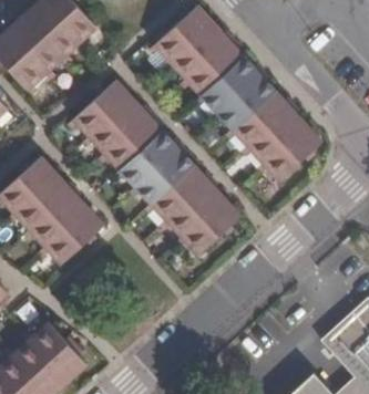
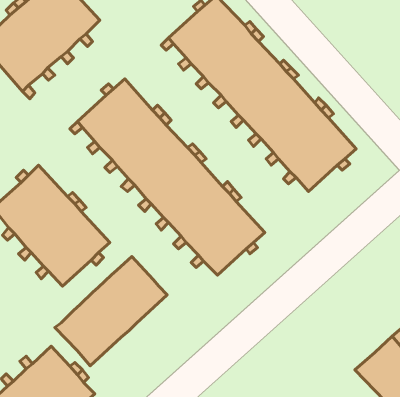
building: none -> [55,257,167,366]

